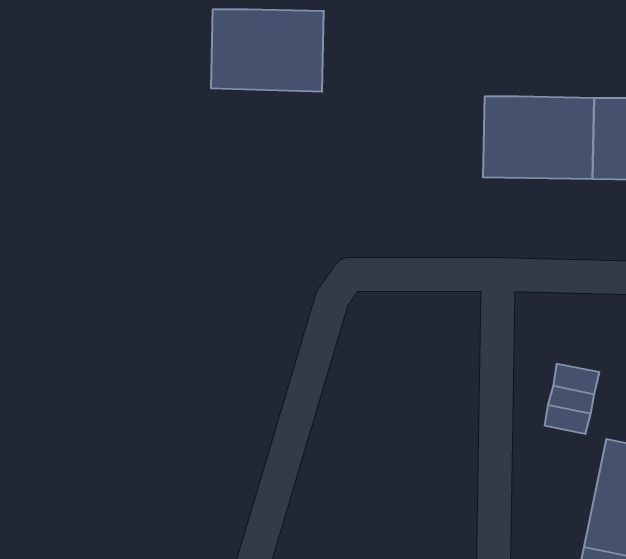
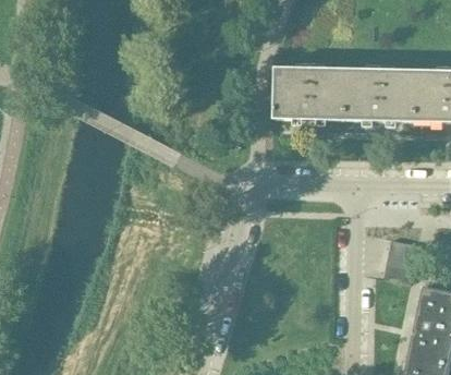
building: [211,9,324,92] -> [273,68,345,120]

